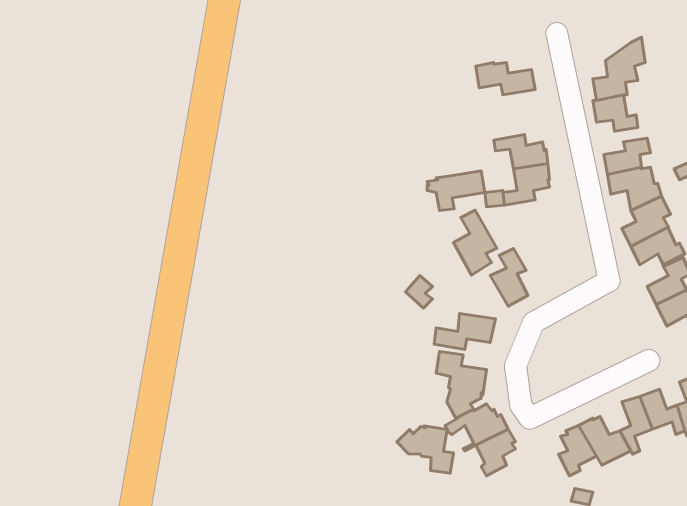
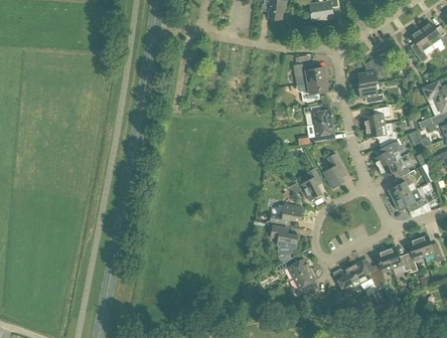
building: [427,171,485,211] -> [295,78,327,101]
building: [454,210,497,275] -> [322,152,346,188]
building: [397,426,453,473] -> none

